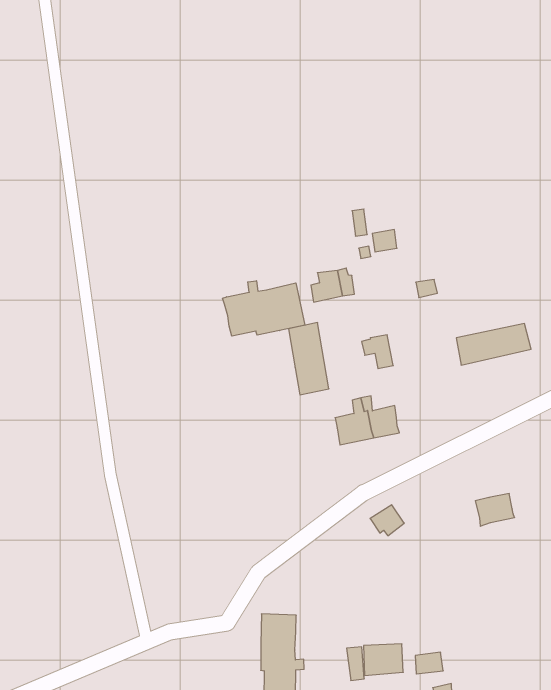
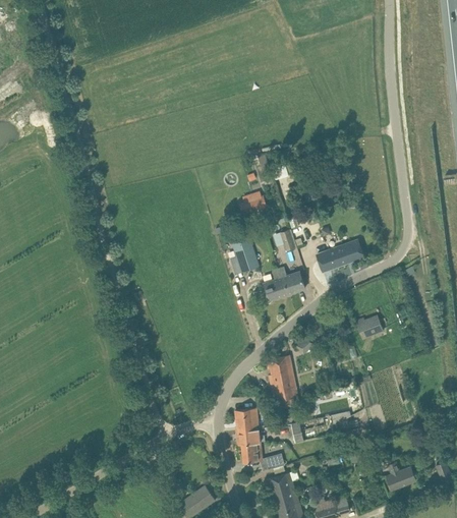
building: [223,281,305,336] -> none
building: [456,324,531,365] -> [317,241,363,272]
building: none -> [266,355,298,408]

